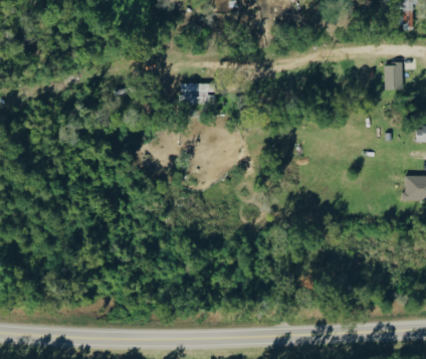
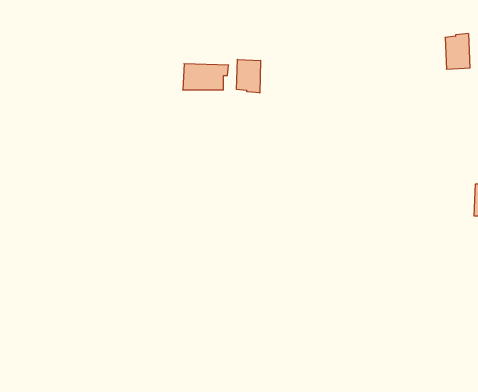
building: none -> [237,59,261,93]

